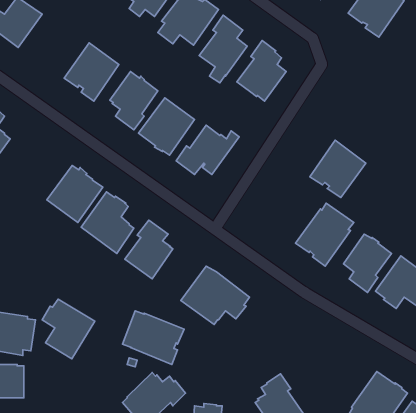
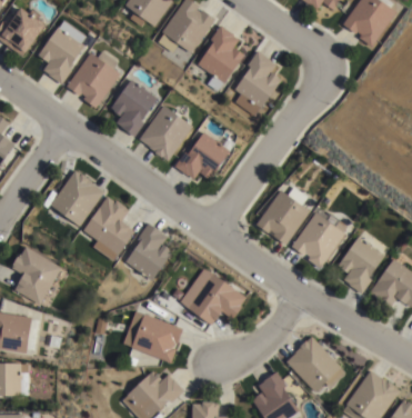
building: none -> [38,19,87,83]
building: [310,140,366,198] -> [255,189,310,245]
building: [42,299,95,359] -> [11,247,62,305]
building: none -> [285,337,345,392]

